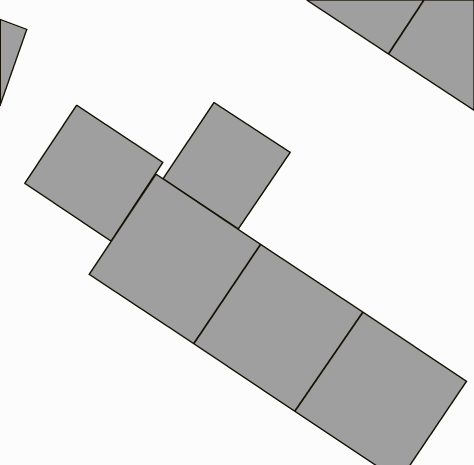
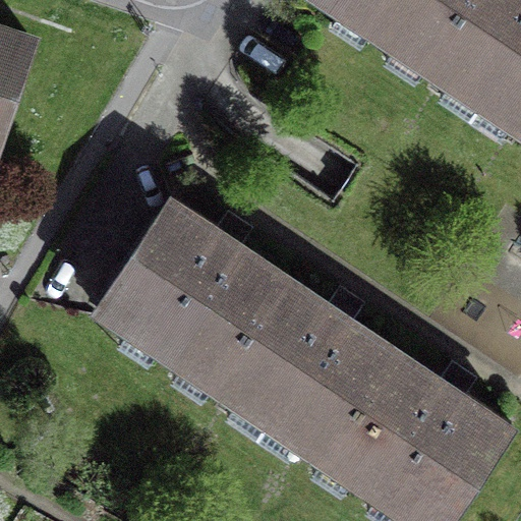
building: [163,103,290,229] -> none
building: [25,105,163,241] -> none

